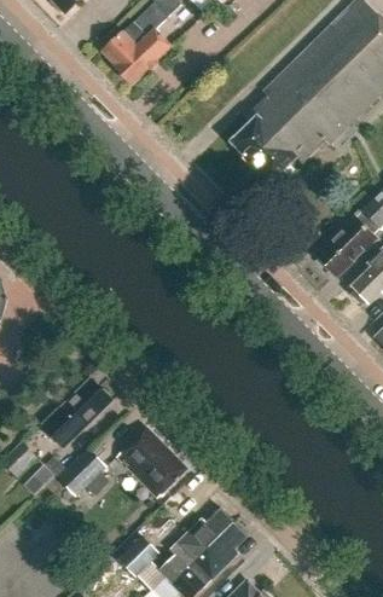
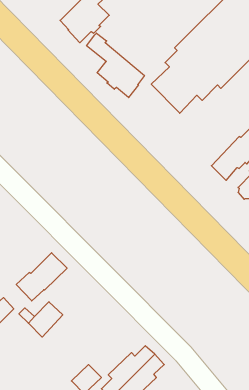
building: none -> [87,33,144,98]
building: [117,427,187,497] -> none

